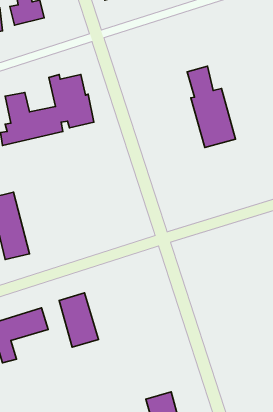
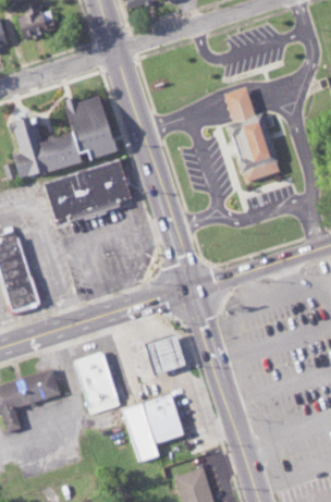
building: none -> [44,160,132,221]
building: none -> [143,334,185,376]
building: none -> [123,395,182,462]

